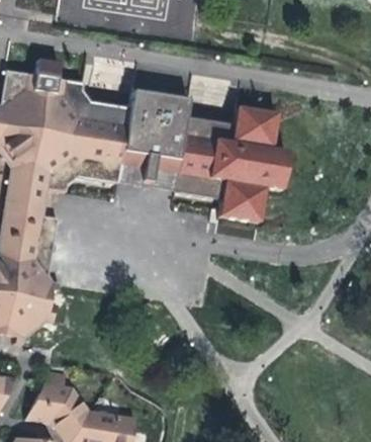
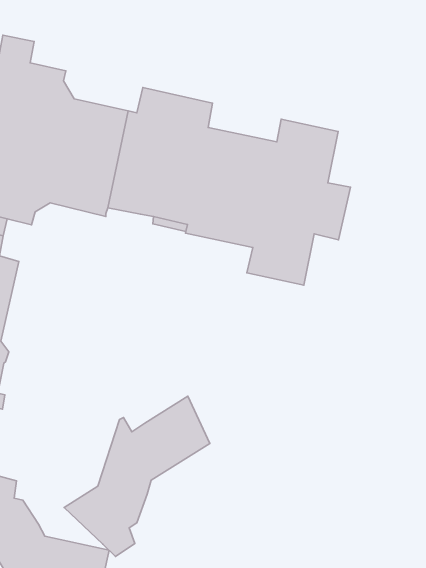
building: none -> [64,396,210,557]

